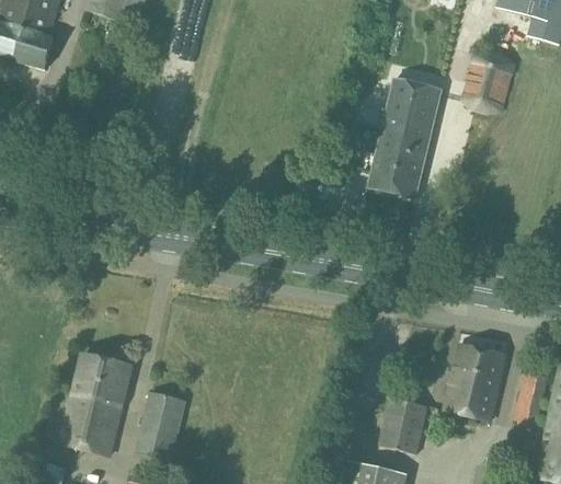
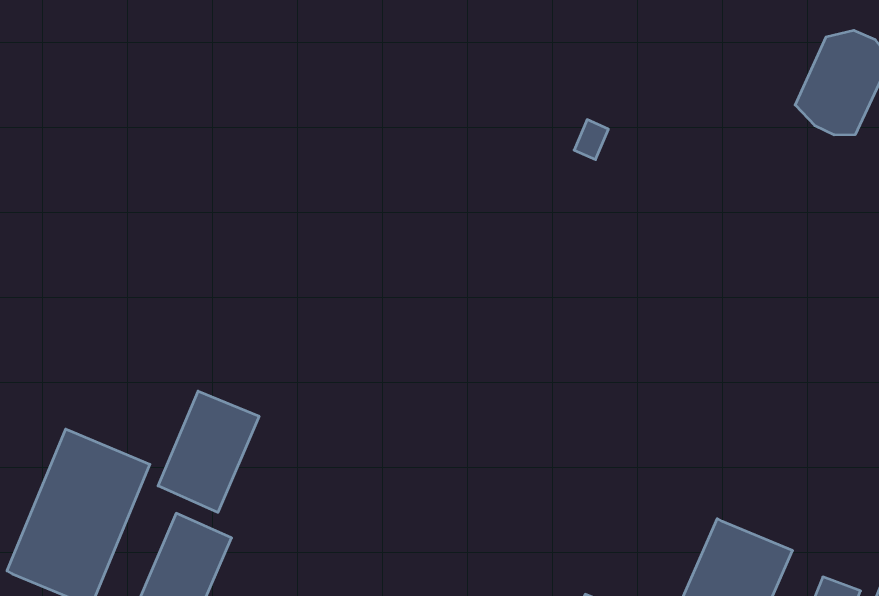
building: [367,76,443,195] -> none
building: none -> [158,391,259,512]

